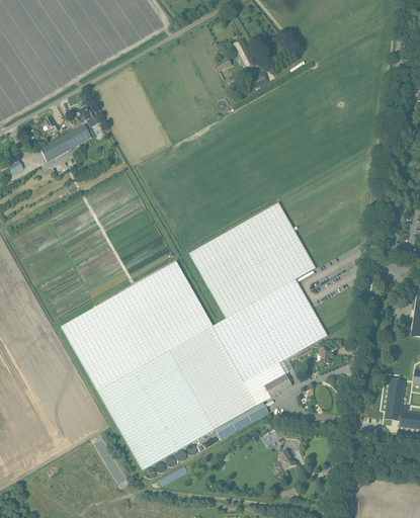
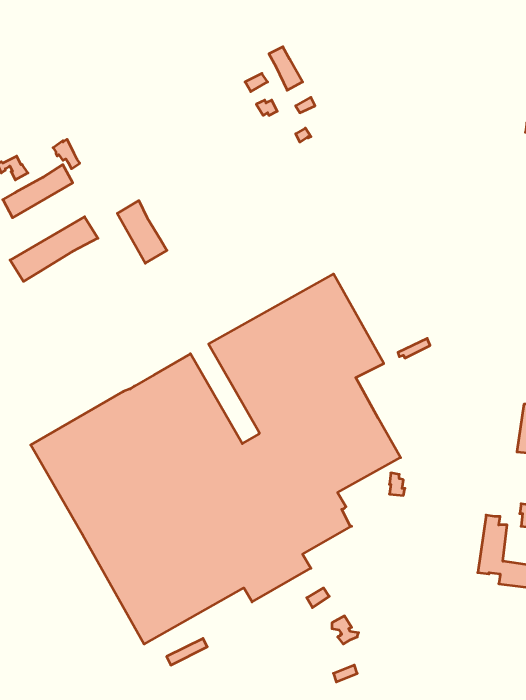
building: none -> [117,201,167,263]
building: none -> [10,217,98,281]

